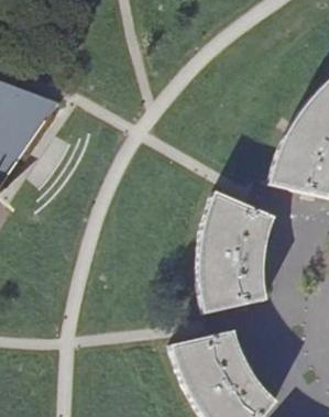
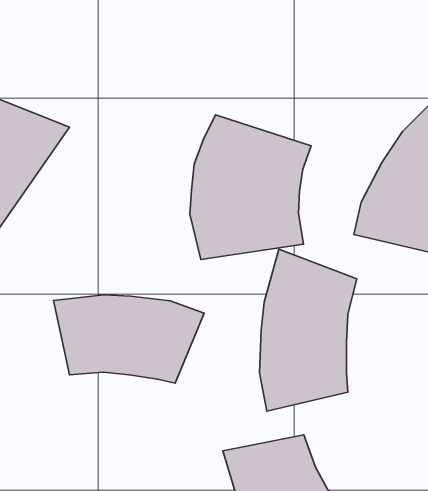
building: none -> [190,115,311,260]
building: none -> [53,295,204,383]

